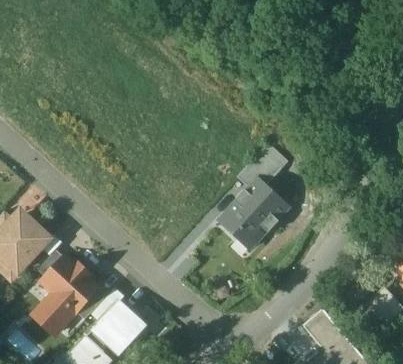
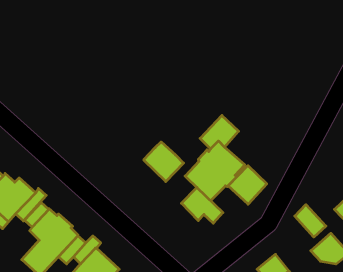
building: none -> [144,142,184,182]
building: none -> [228,166,267,204]
building: none -> [181,187,223,223]
building: none -> [295,205,326,237]

